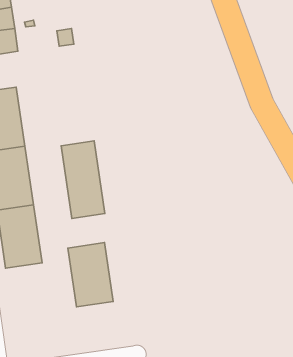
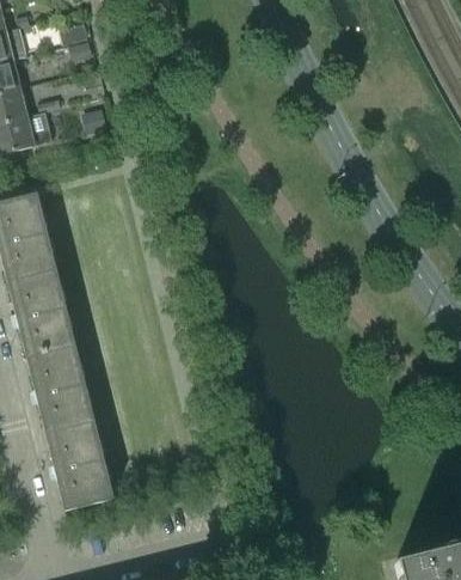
building: [61,141,105,218] -> none
building: [68,243,113,307] -> [44,421,111,509]

